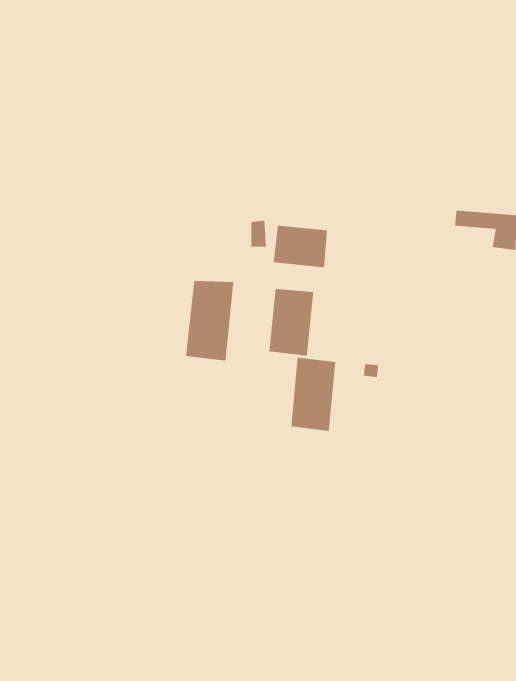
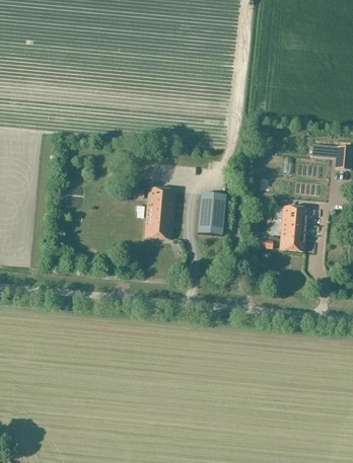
building: [273,225,328,268] -> none
building: [290,357,336,432] -> [280,205,308,251]

